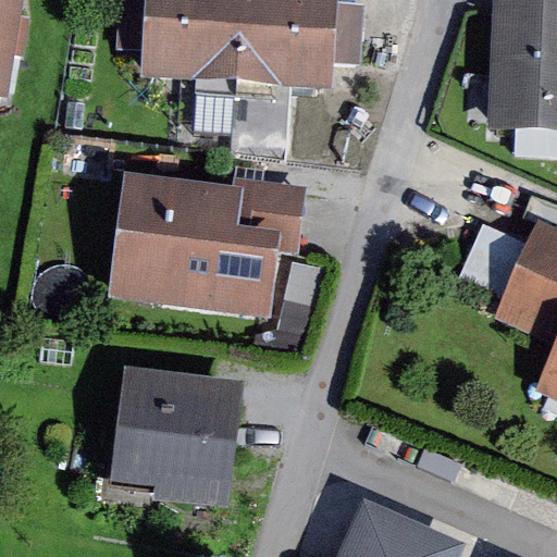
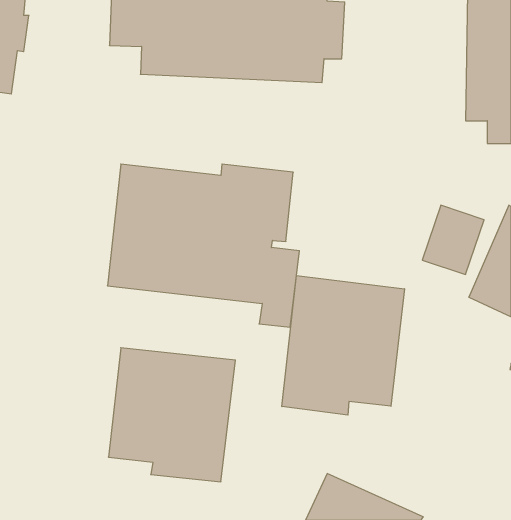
building: none -> [282,276,404,415]

